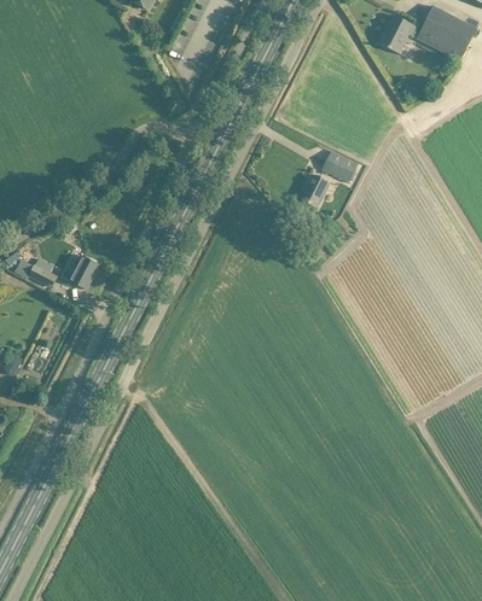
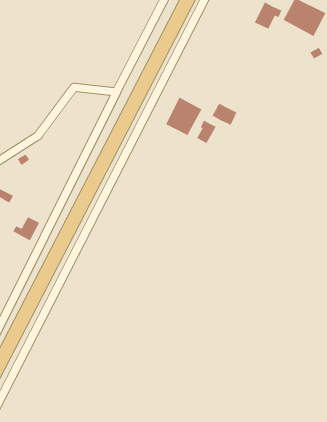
building: none -> [165,97,203,136]
building: [62,255,99,288] -> [12,216,40,241]

